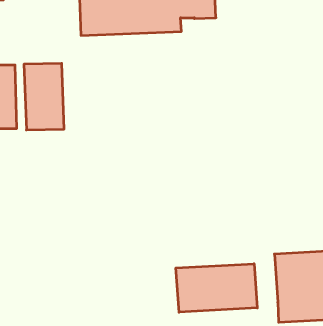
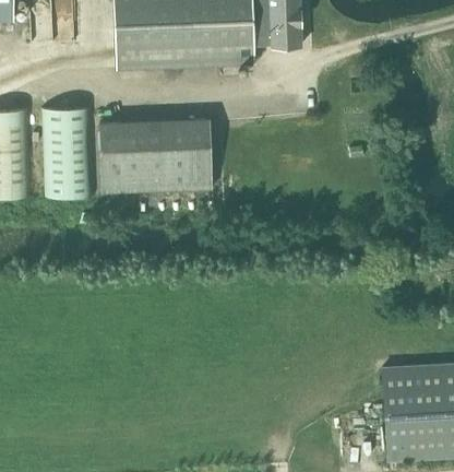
building: none -> [97,117,212,194]
building: [176,264,257,312] -> none

